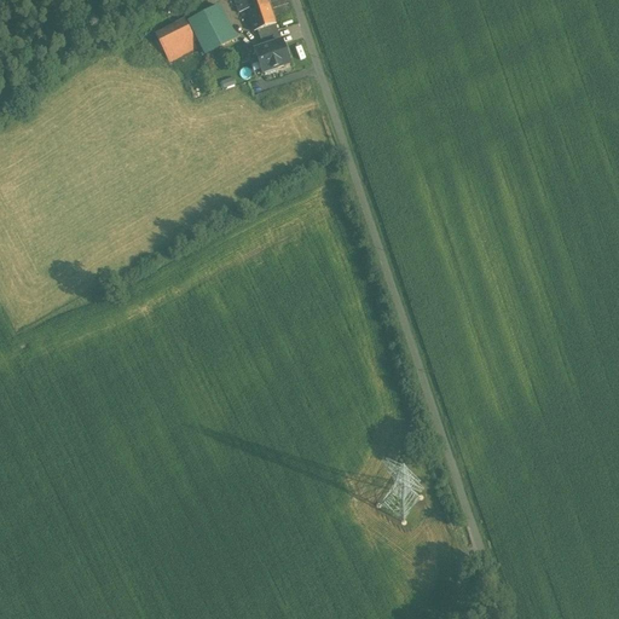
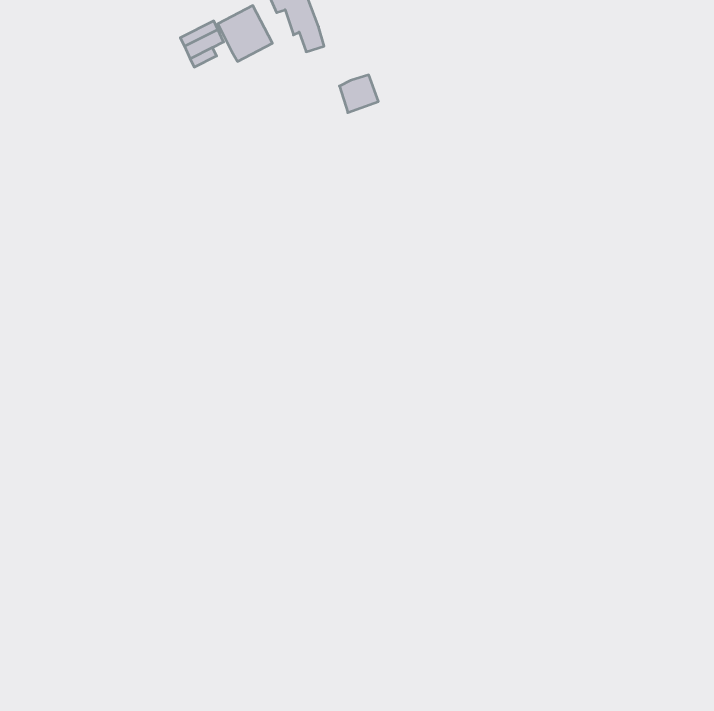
building: [255,40,289,73] -> [339,75,378,113]

